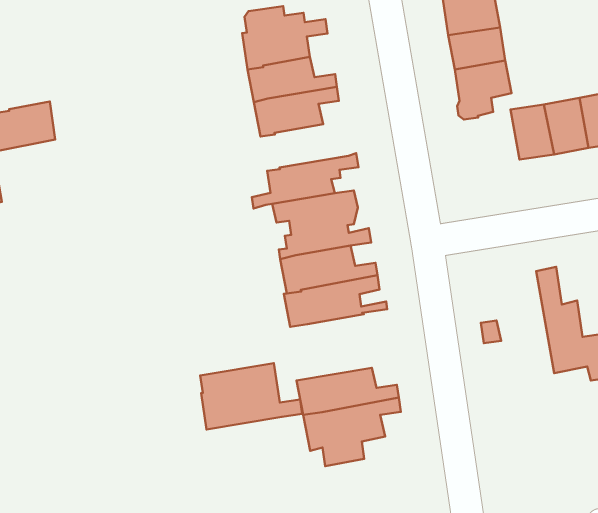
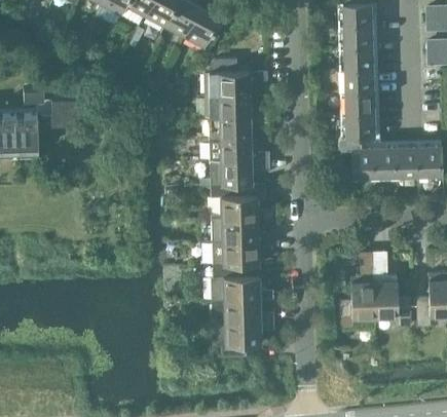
building: none -> [351,146,374,180]
building: none -> [209,138,265,162]
building: none -> [339,252,376,328]
building: [200,363,302,429] -> [211,263,273,299]

